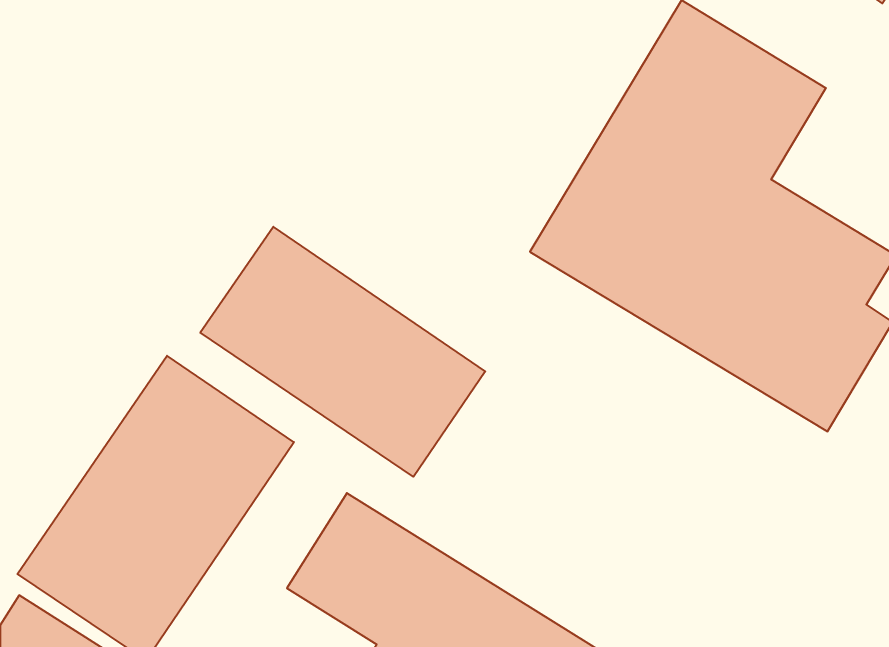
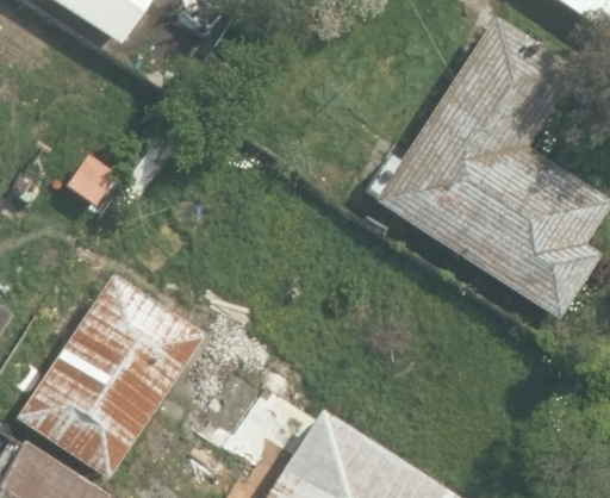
building: [200,227,485,477] -> none

